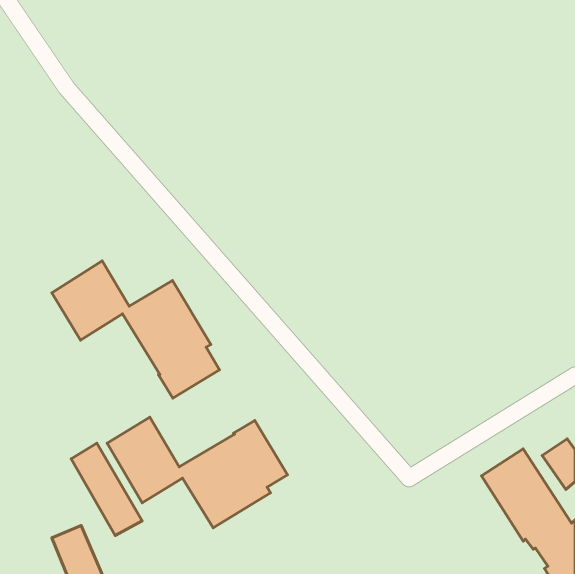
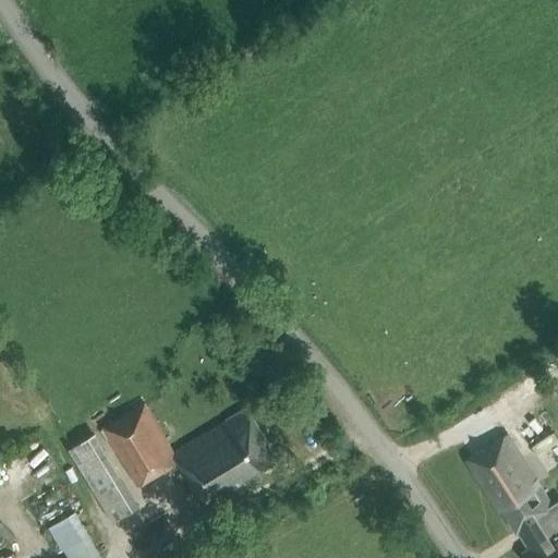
building: [52,261,220,398] -> none

